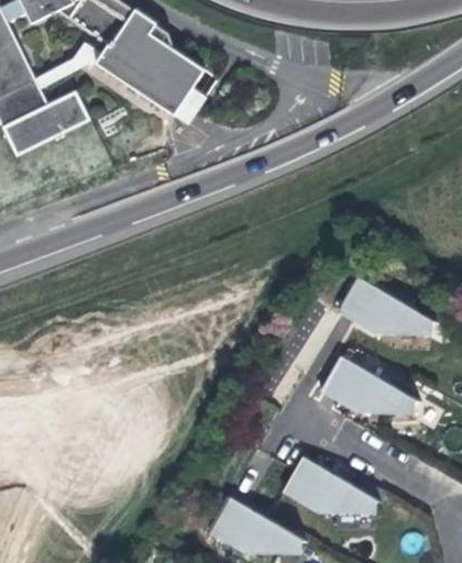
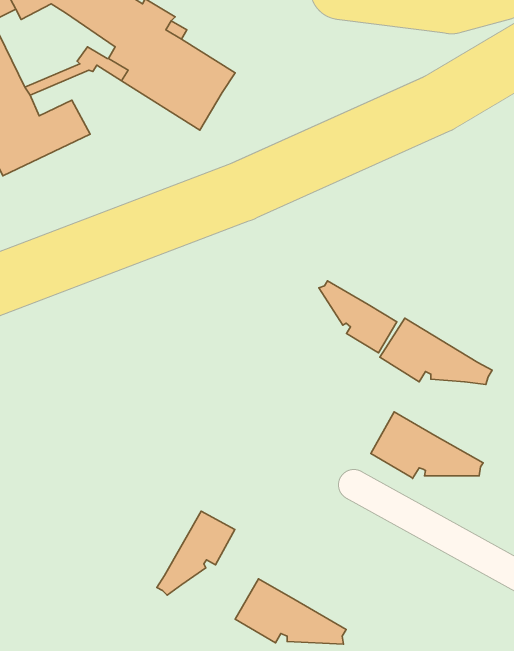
building: none -> [319,281,397,353]
building: none -> [157,511,235,595]
building: [284,456,376,510] -> none

